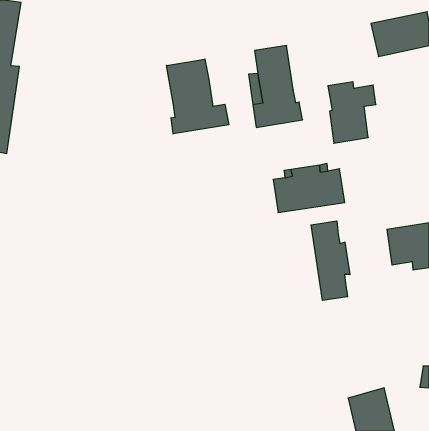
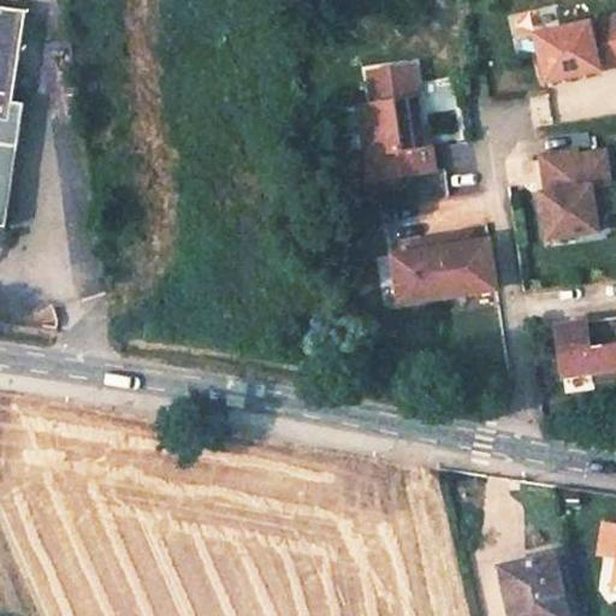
building: [167,59,229,134] -> none
building: [328,82,376,143] -> [537,153,605,241]
building: [311,221,350,300] -> none

